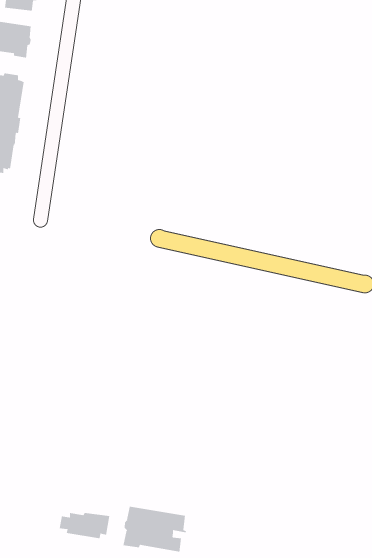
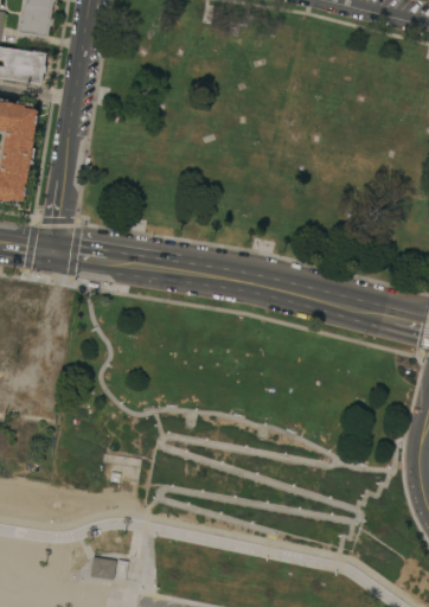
building: [123,506,187,552] -> none

